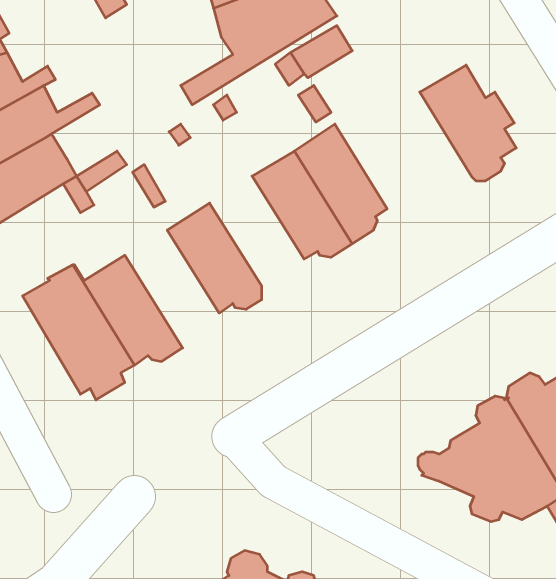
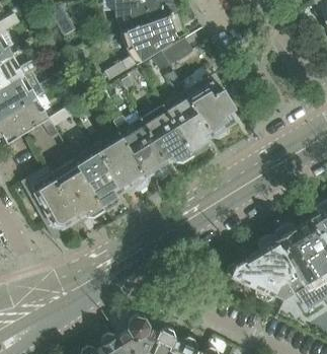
building: [420,65,516,181] -> [184,78,235,139]
building: none -> [111,112,170,178]
building: none -> [74,148,124,210]

